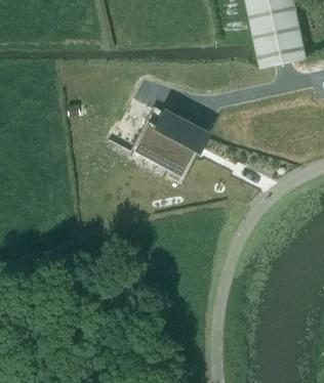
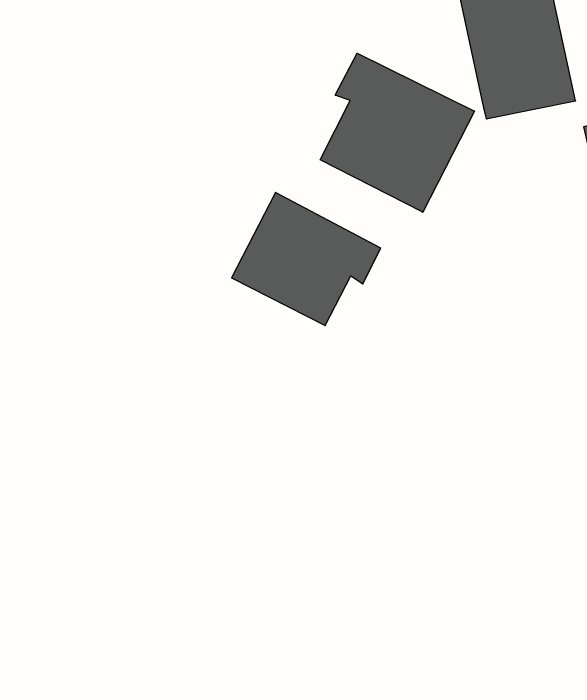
building: none -> [320,53,474,212]

